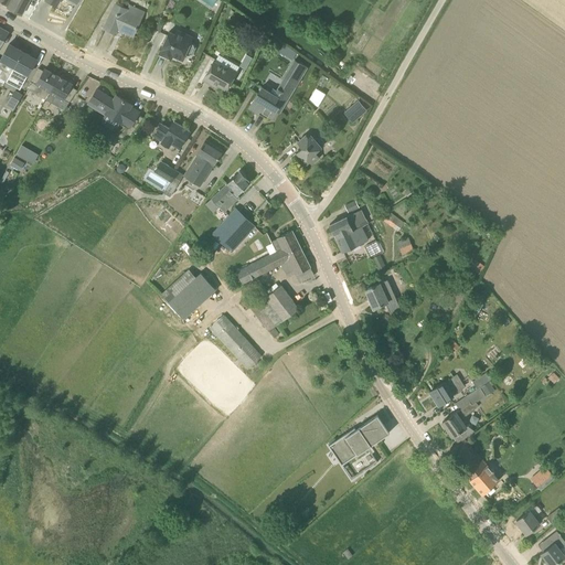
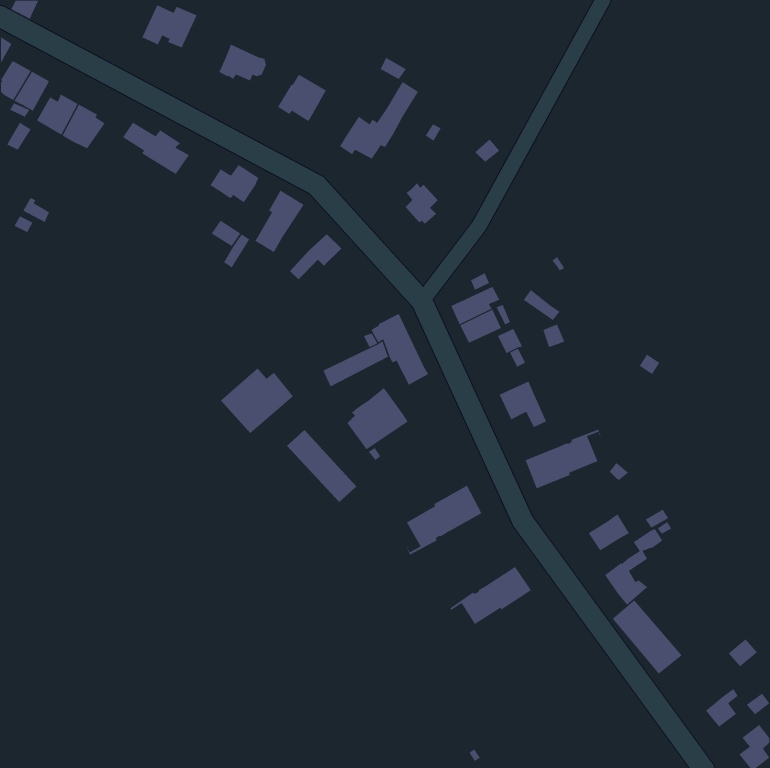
building: [213,209,255,252] -> none
building: none -> [525,429,601,489]
building: none -> [406,485,482,555]

